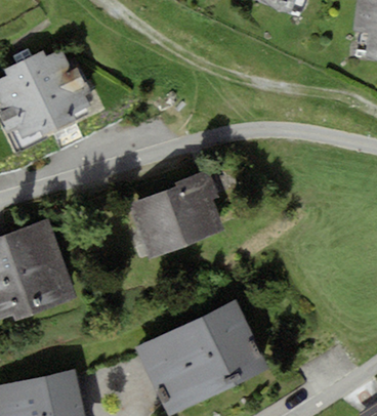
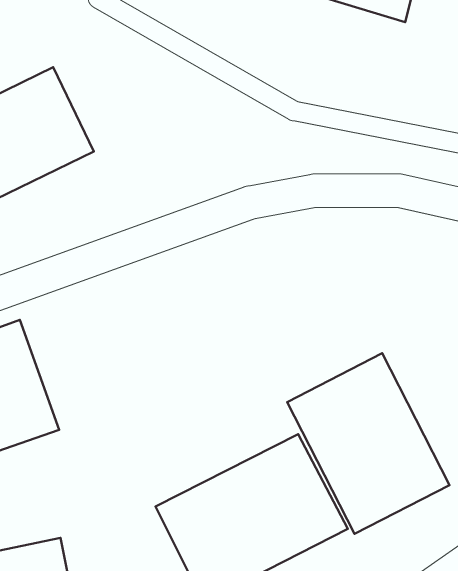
building: [127,174,222,258] -> none
building: none -> [287,353,450,534]

